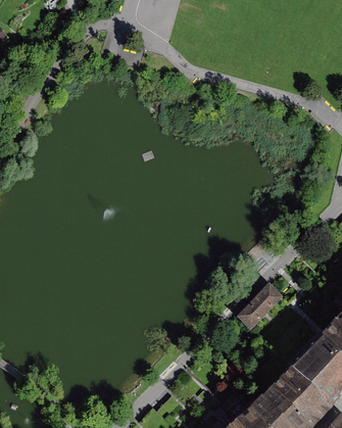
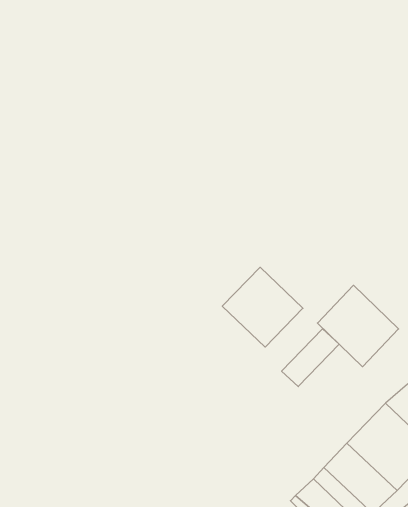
building: none -> [222,267,303,347]
building: none -> [317,285,399,367]

